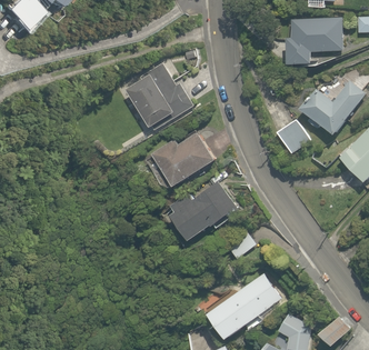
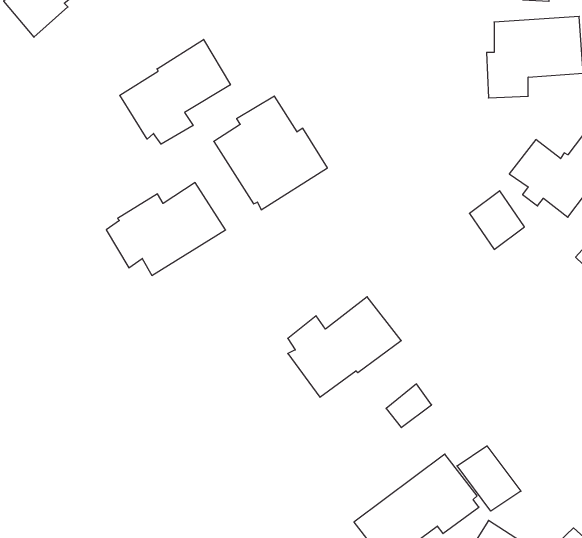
building: none -> [120,39,230,144]
building: [147,132,217,187] -> [106,183,226,275]
building: none -> [457,446,521,511]

